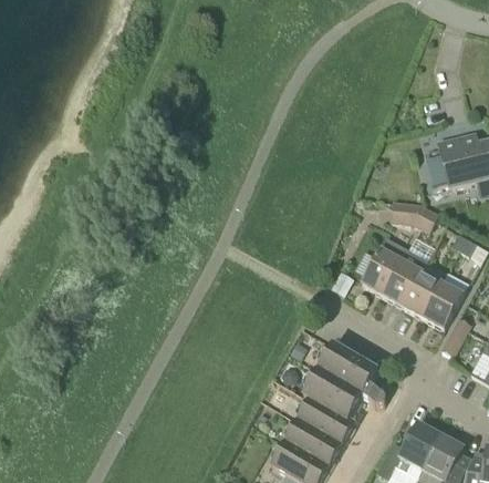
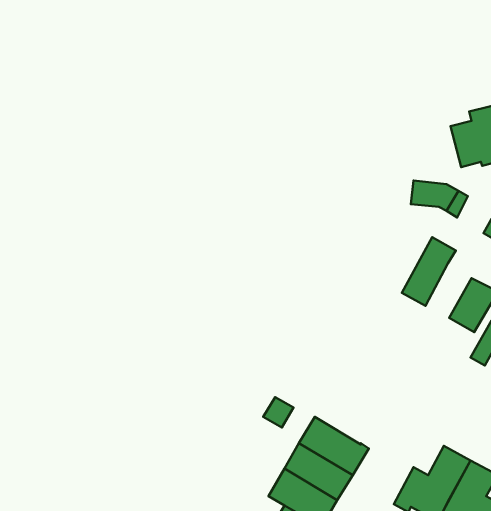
building: [362,235,408,294] -> none
building: [403,269,441,315] -> none
building: [303,345,385,421] -> none

